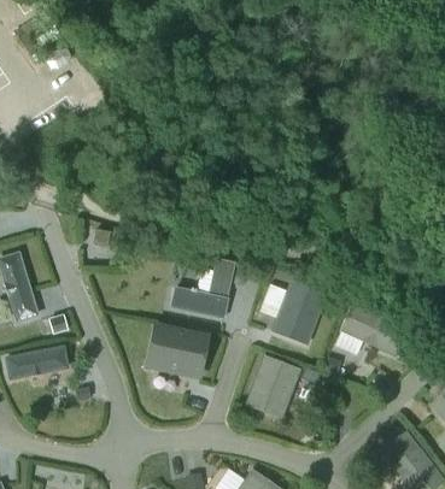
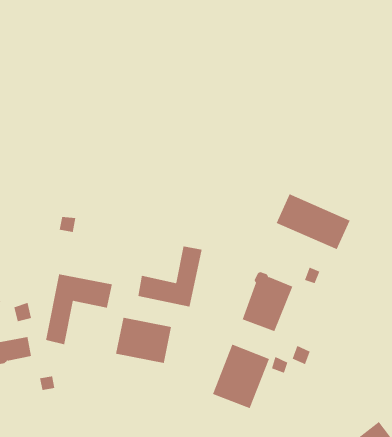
building: none -> [46,273,113,345]
building: [338,301,411,357] -> [276,194,351,250]

